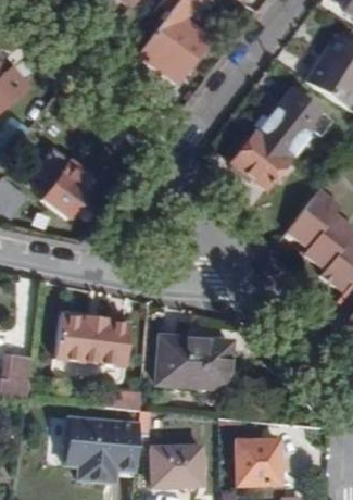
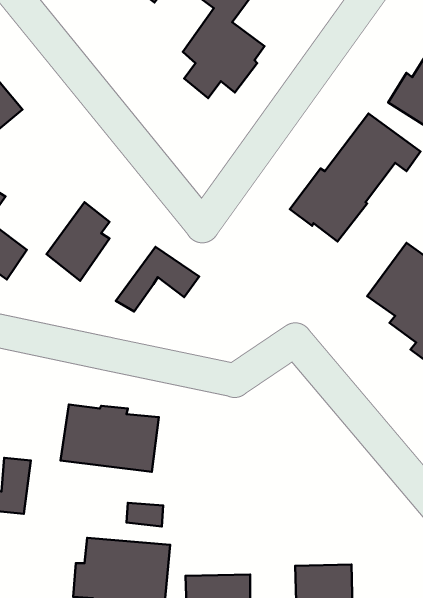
building: none -> [116,247,199,312]
building: [156,334,232,388] -> none

